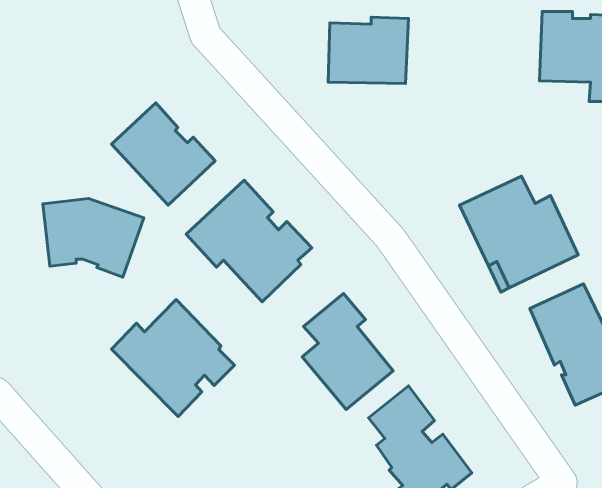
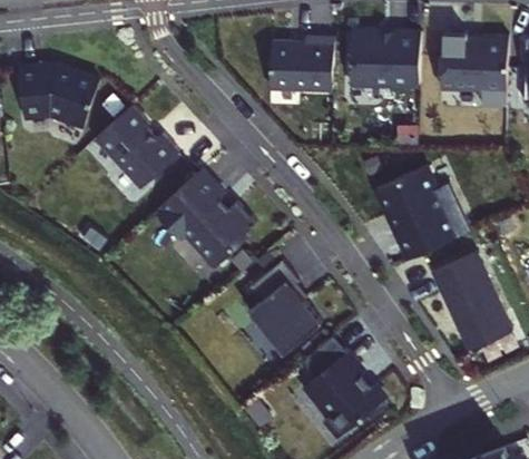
building: none -> [349,32,420,86]
building: [43,198,144,277] -> [17,66,98,129]
building: [112,300,235,417] -> none

